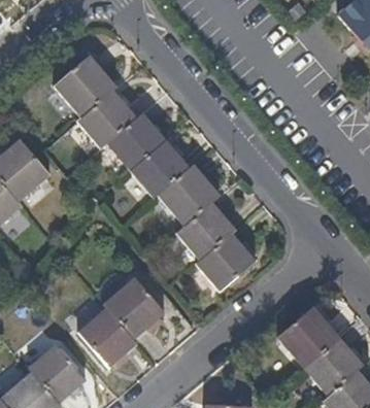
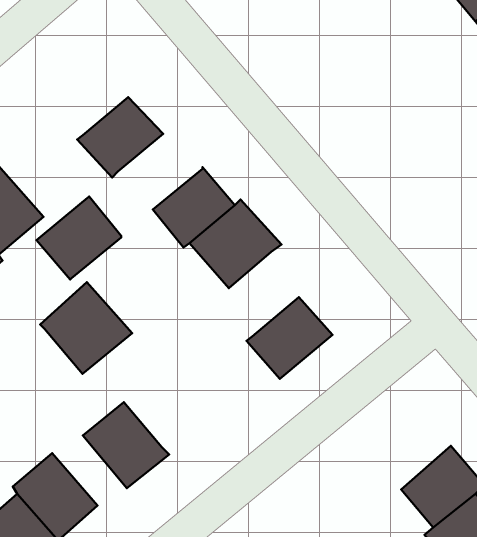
building: [54,54,119,117] -> none
building: [105,112,165,171] -> [36,197,121,280]
building: [176,200,238,260] -> none
building: [106,273,171,338] -> [40,282,132,374]
building: [279,307,340,368] -> none

